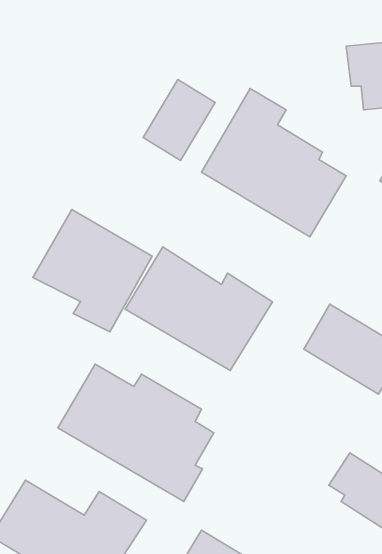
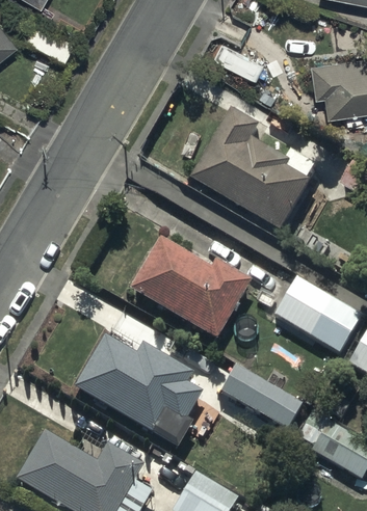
building: [143,79,215,160] -> none
building: [33,209,152,332] -> none
building: none -> [219,361,302,428]

